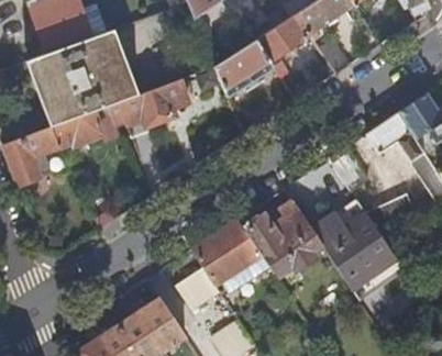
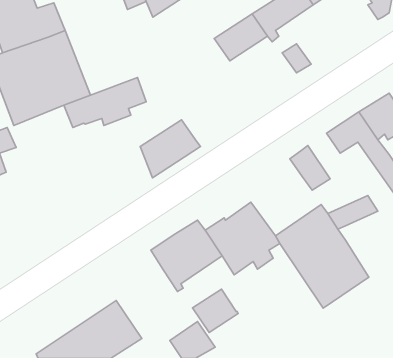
building: [214,40,274,97] -> [140,120,200,178]
building: [51,105,120,147] -> none
building: [176,267,221,310] -> [193,289,238,333]

